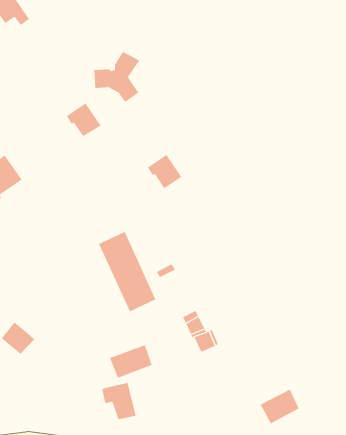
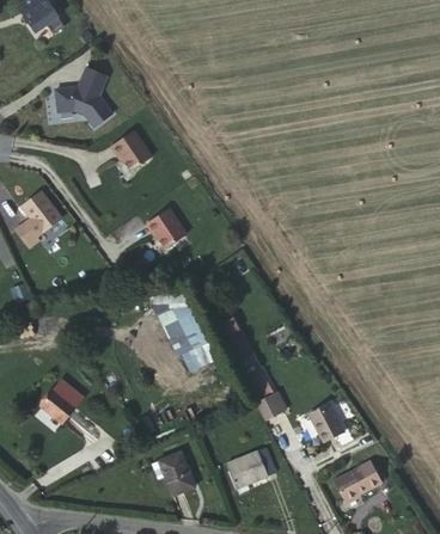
building: [94,51,140,103] -> [59,68,112,128]
building: [147,154,182,189] -> [146,205,187,246]
building: none -> [310,401,344,437]
building: [109,344,153,379] -> [226,447,276,486]

